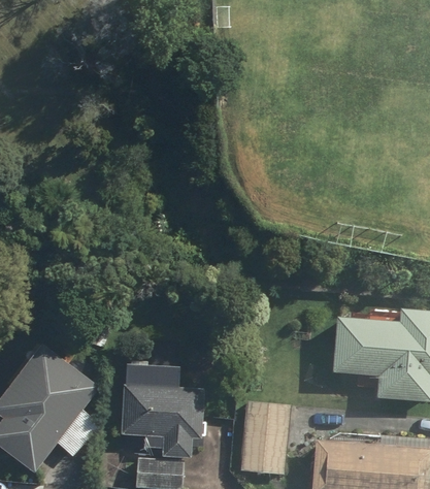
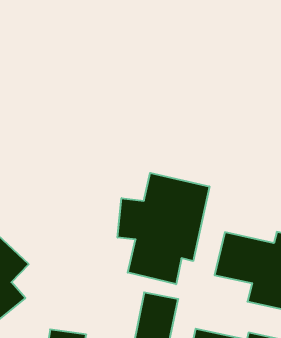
building: none -> [118,173,209,284]
building: [119,363,203,457] -> none

